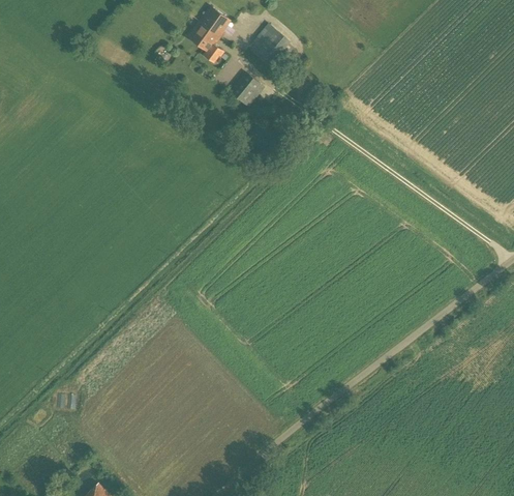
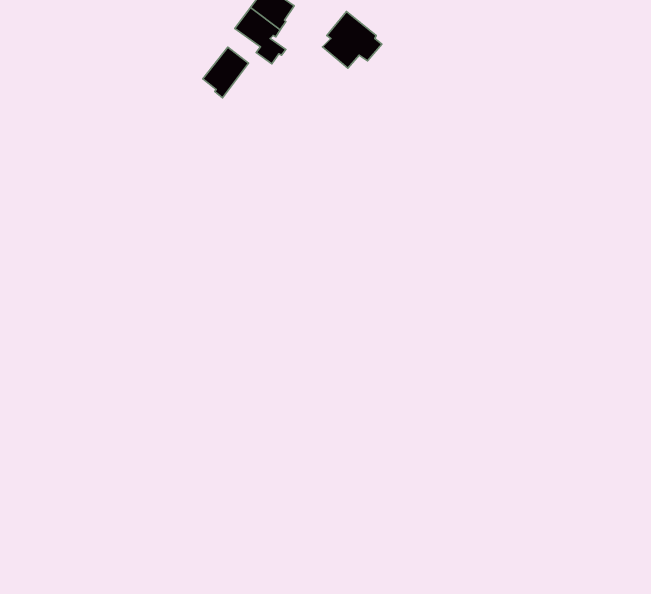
building: none -> [203,47,248,98]
building: [233,75,265,107] -> none

